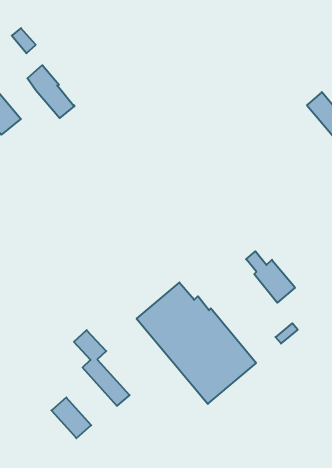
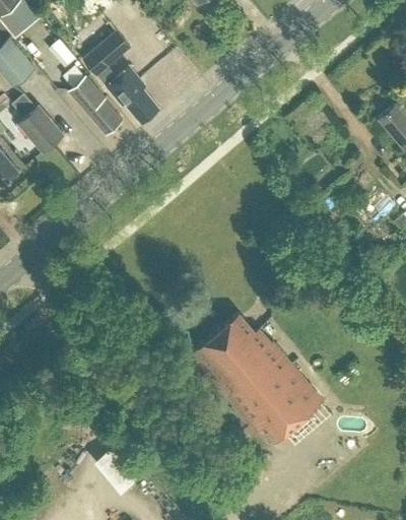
building: none -> [84,31,159,123]
building: [246,251,295,303] -> none
building: [74,330,130,406] -> none

